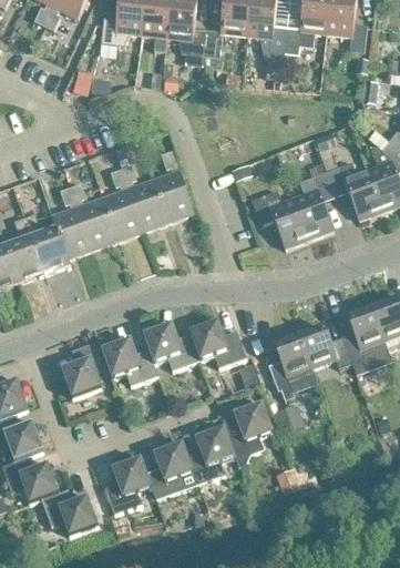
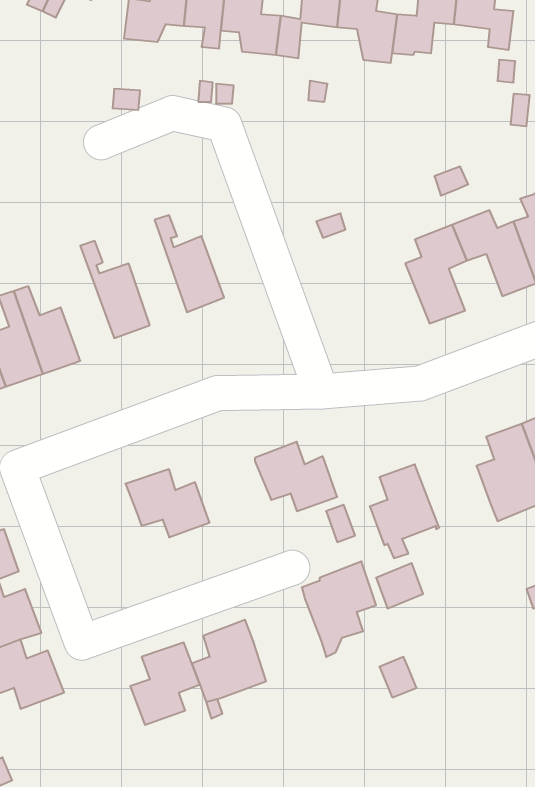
building: [153,150,194,221] -> none
building: [103,168,143,240] -> none
building: [52,185,93,257] -> none
building: [252,190,309,247] -> none
building: [143,323,201,369] -> none
building: [299,325,351,367] -> none
building: [61,341,109,397] -> none
building: [188,427,235,484] -> none
building: [41,488,98,535] -> none

